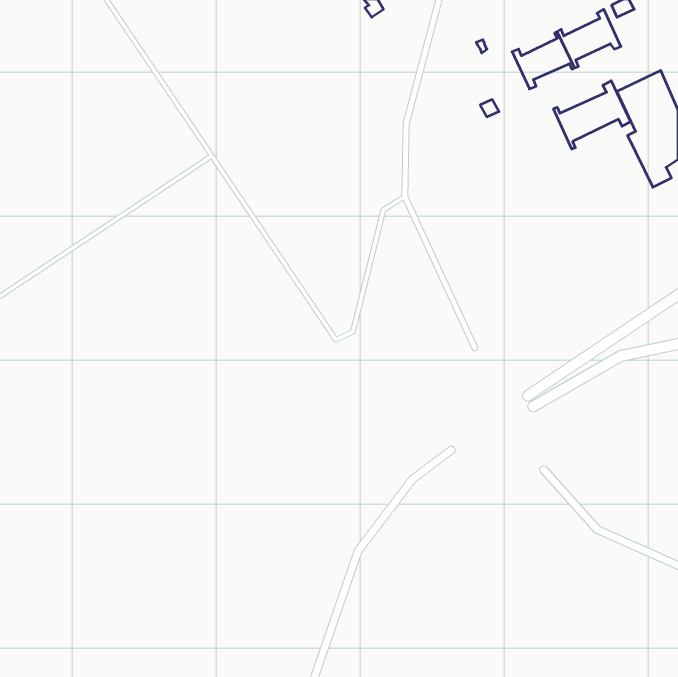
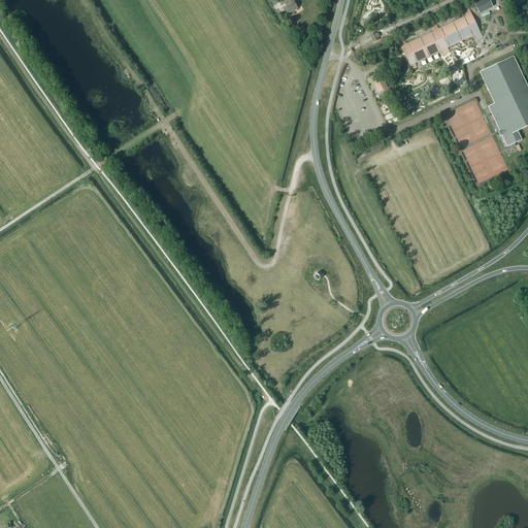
building: [554,81,630,149] -> none

